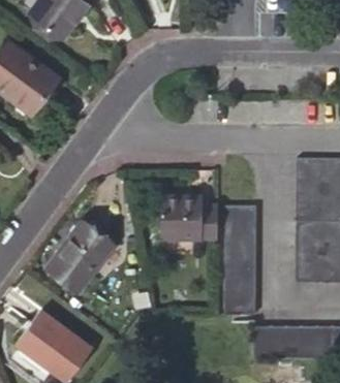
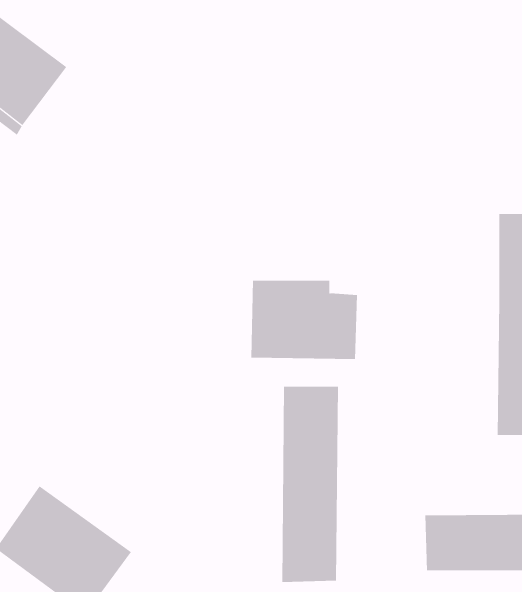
building: [226,206,258,316] -> [281,386,339,583]
building: [48,222,116,294] -> none

